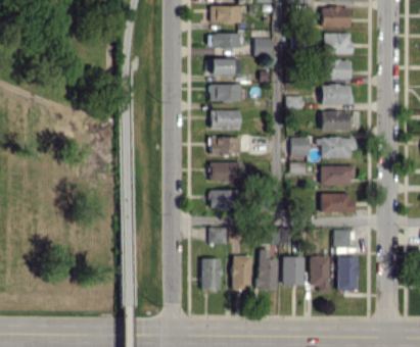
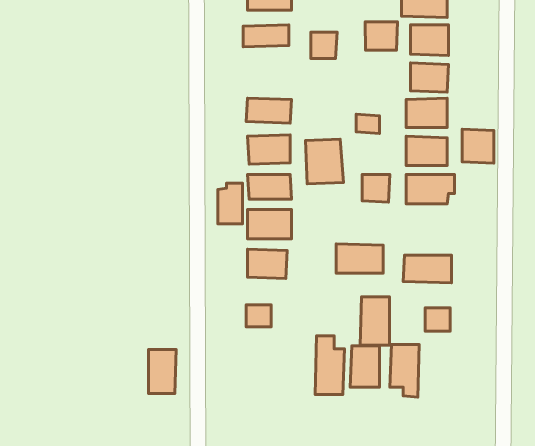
building: none -> [365,22,397,50]
building: [208,58,240,75] -> none
building: none -> [462,129,494,163]
building: none -> [306,139,343,184]
building: none -> [218,183,243,224]
building: [321,164,354,185] -> [336,244,383,273]
building: [232,255,251,288] -> none
building: [337,256,358,290] -> [360,297,390,345]
building: [202,258,222,289] -> [148,350,176,394]

